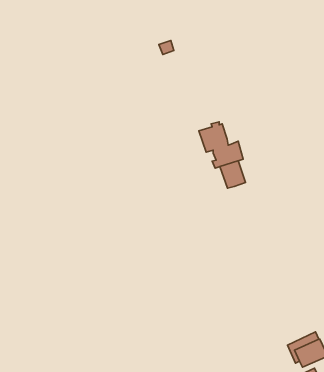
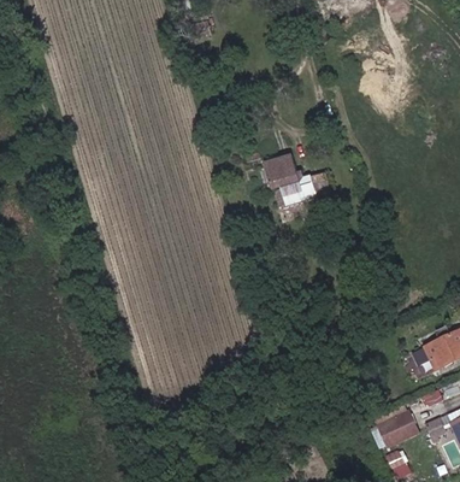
building: [220,161,246,188] -> none

